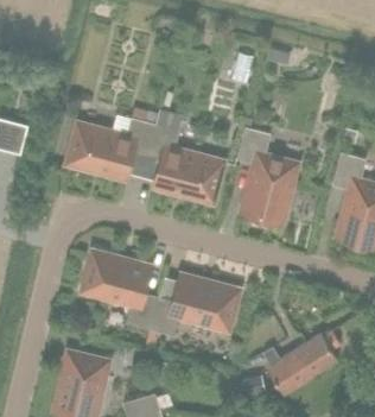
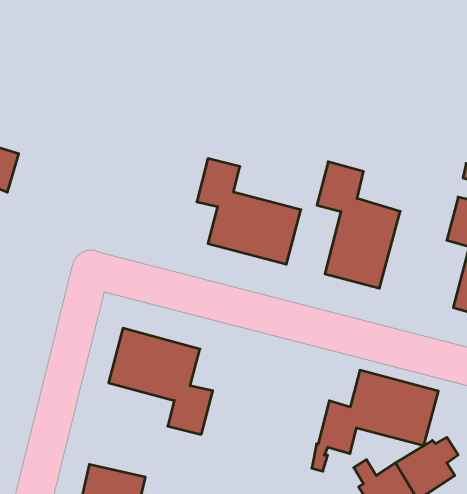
building: [66,107,155,179] -> none
building: [146,274,240,349] -> [312,370,438,471]

